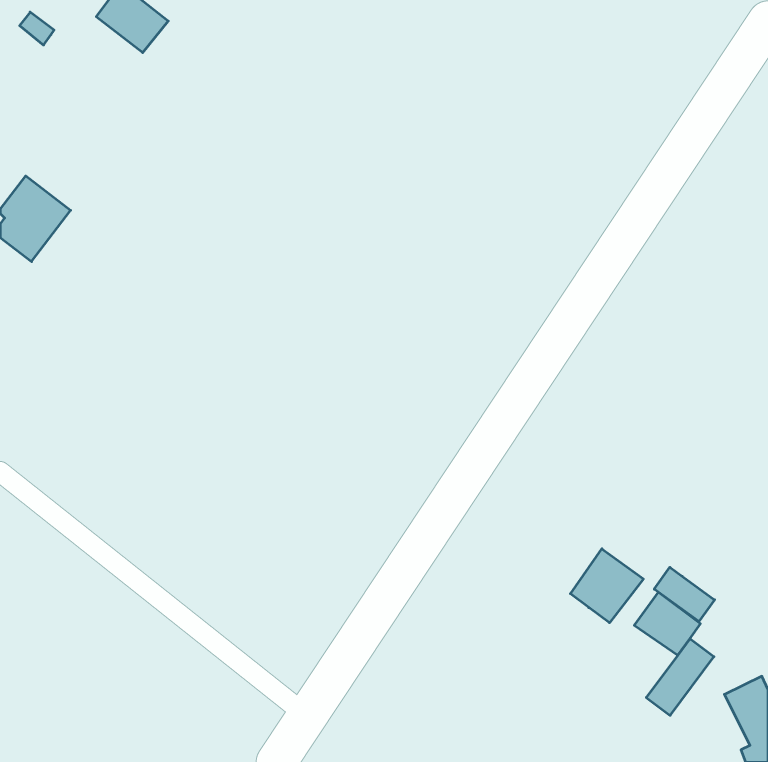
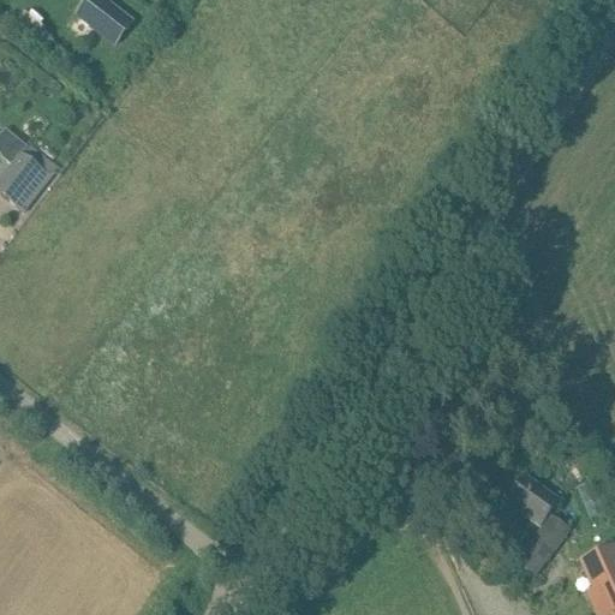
building: [570,549,643,623] -> none
building: [654,567,715,622] -> none

